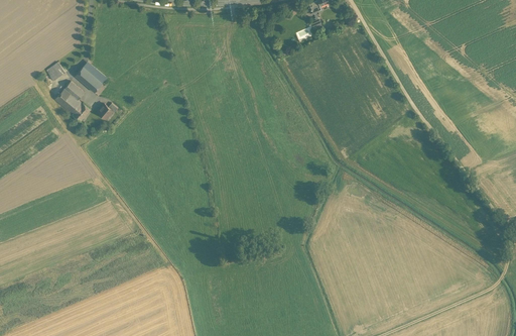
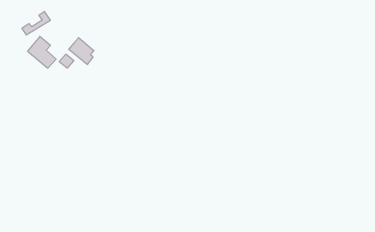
building: [77,61,108,94] -> [69,38,94,64]

